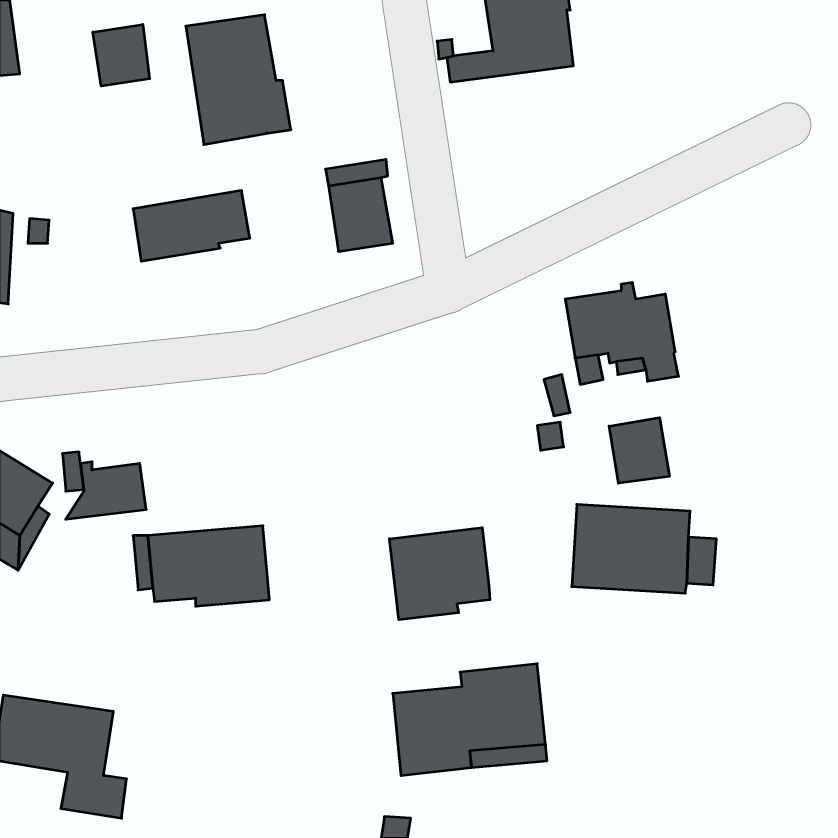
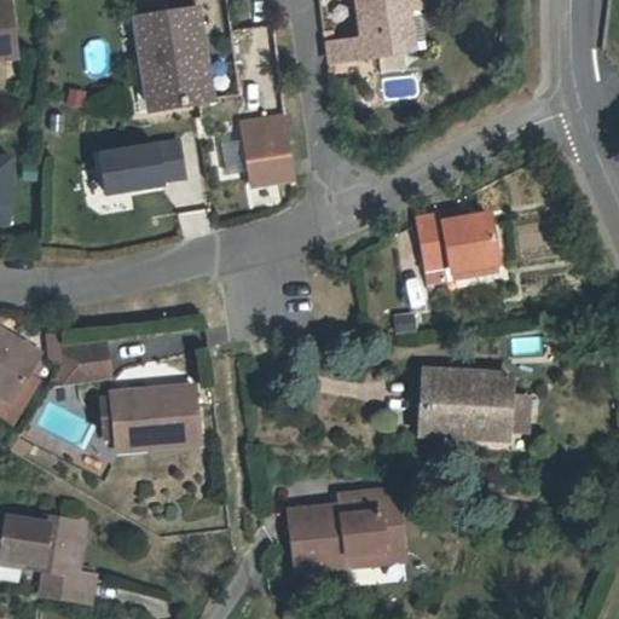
building: [93,24,150,86] -> none
building: [609,418,669,483] -> none
building: [389,528,490,620] -> none

